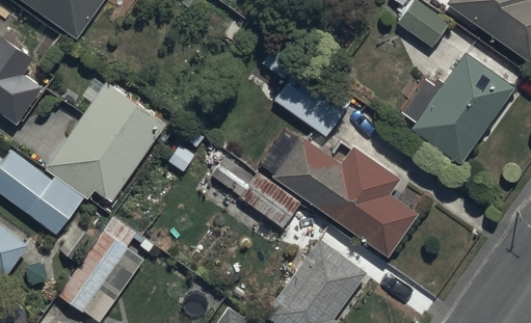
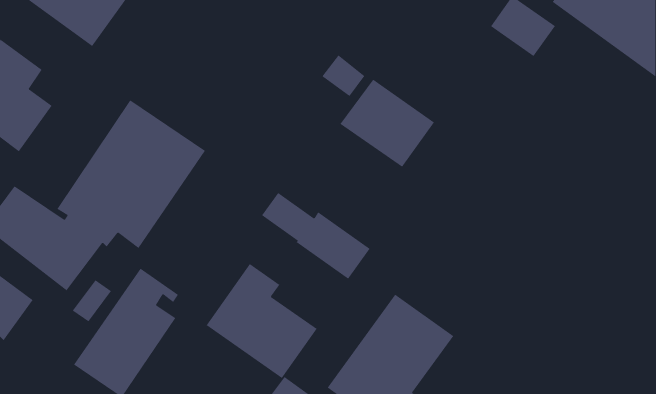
building: [402,51,523,165] -> none
building: [269,131,418,254] -> none
building: none -> [206,263,318,379]

